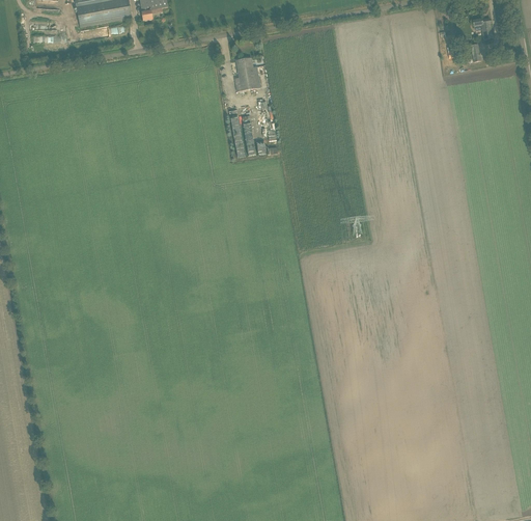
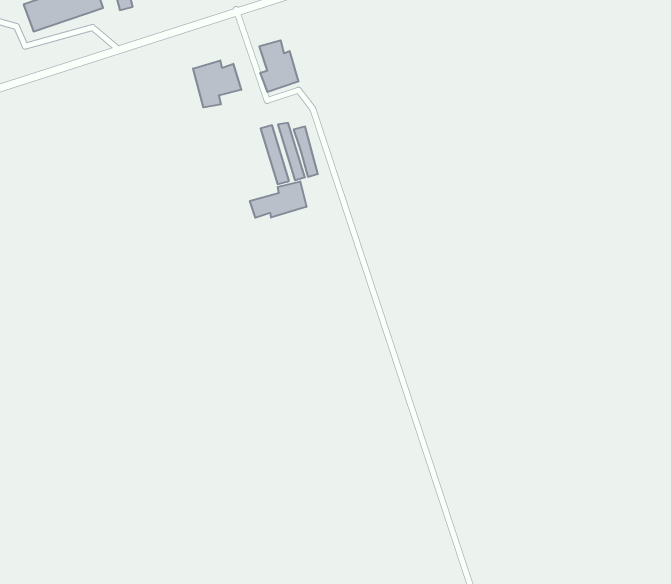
building: none -> [193,60,241,107]
building: none -> [250,181,306,218]

